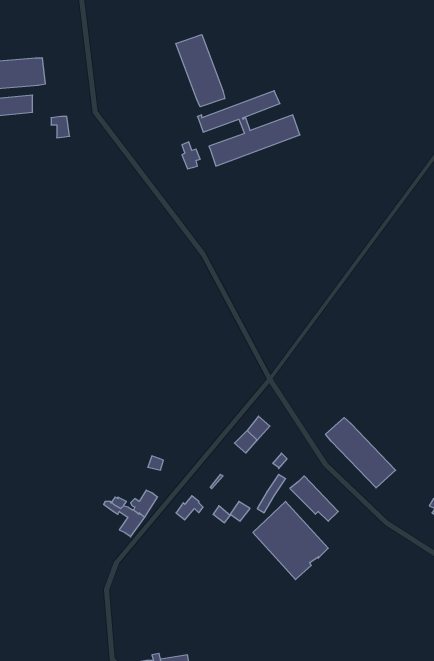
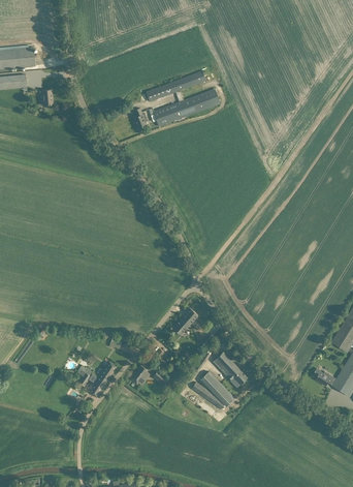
building: [176,35,225,107] -> none
building: [326,418,396,488] -> none

